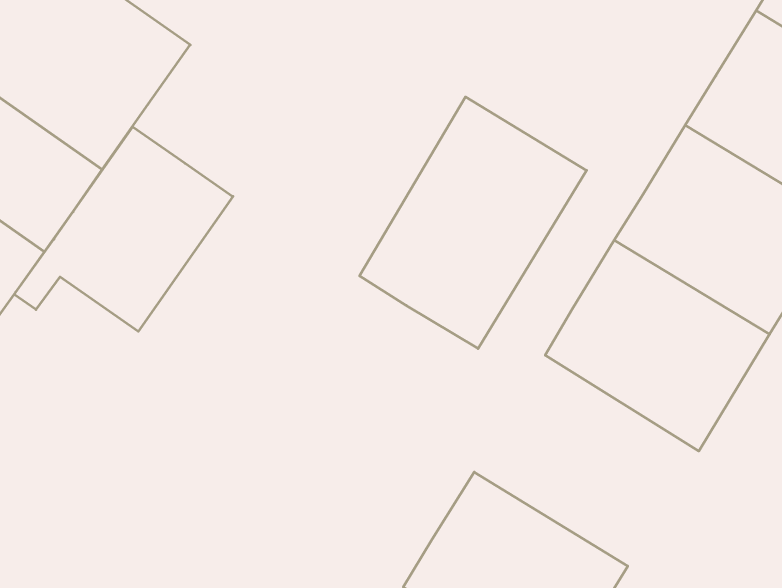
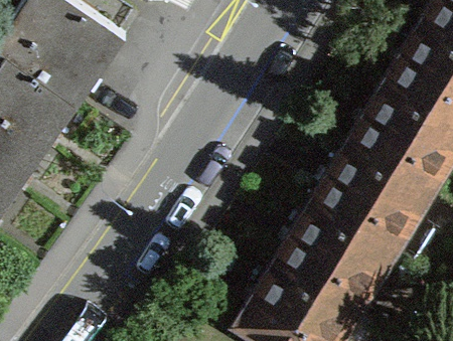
building: [360,97,587,349] -> none
building: [14,127,233,331] -> none
building: none -> [274,204,392,315]

